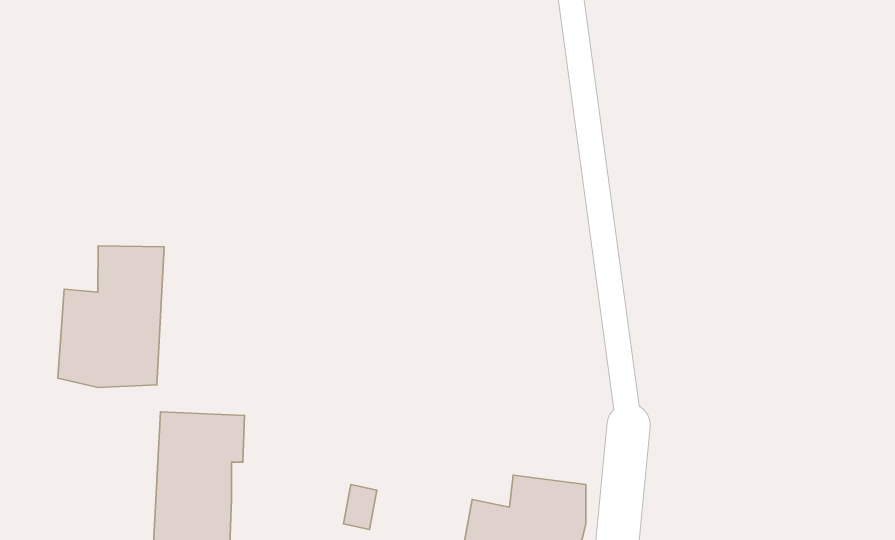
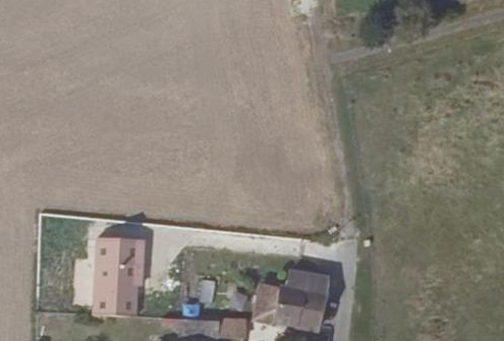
building: [58,246,164,388] -> none

